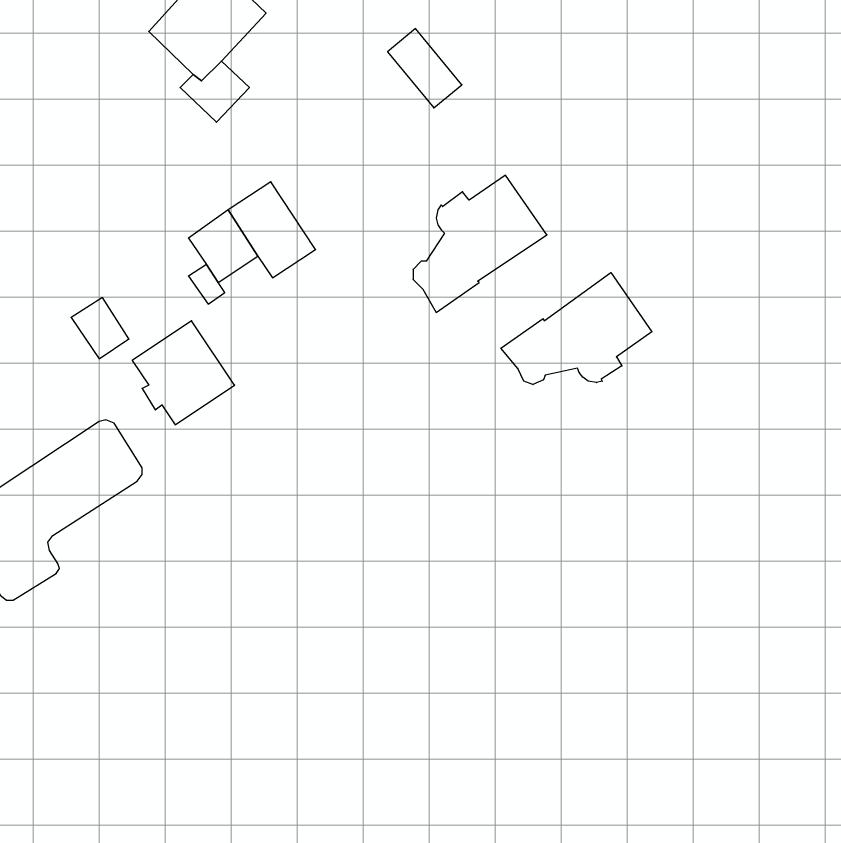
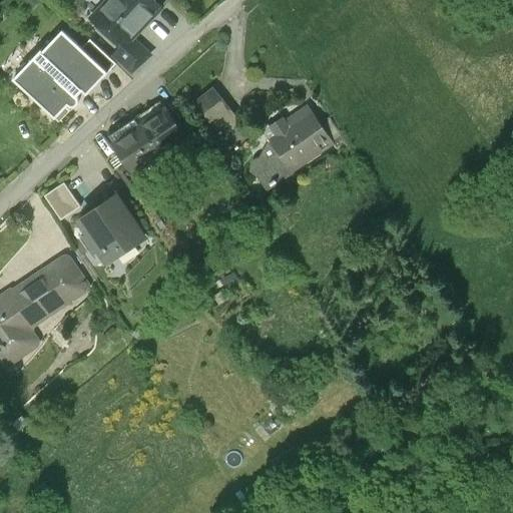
building: [388,29,462,108] -> [193,86,238,134]
building: none -> [12,29,114,120]
building: [501,273,652,385] -> none

